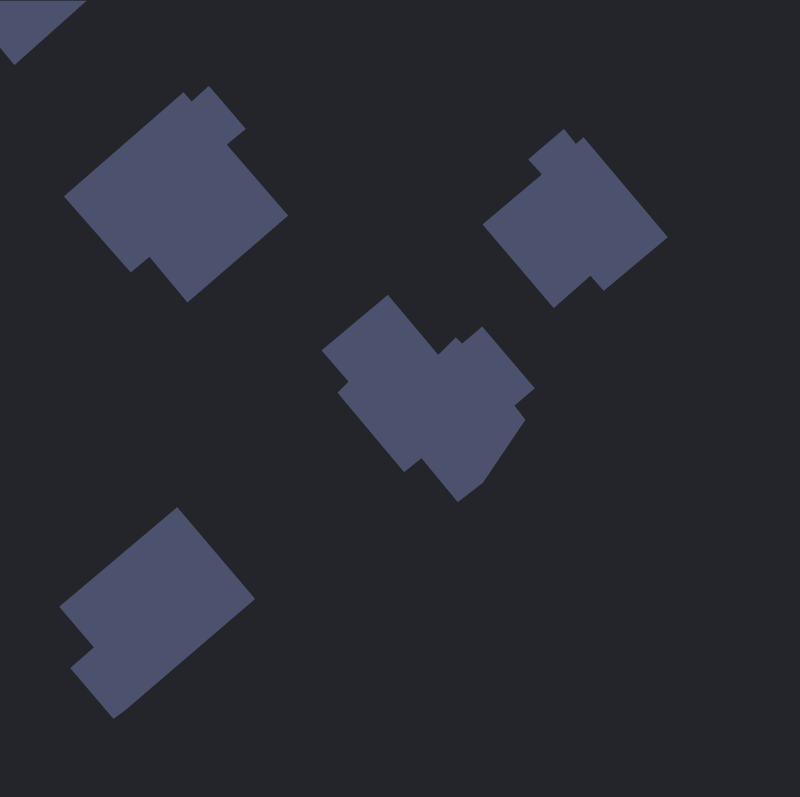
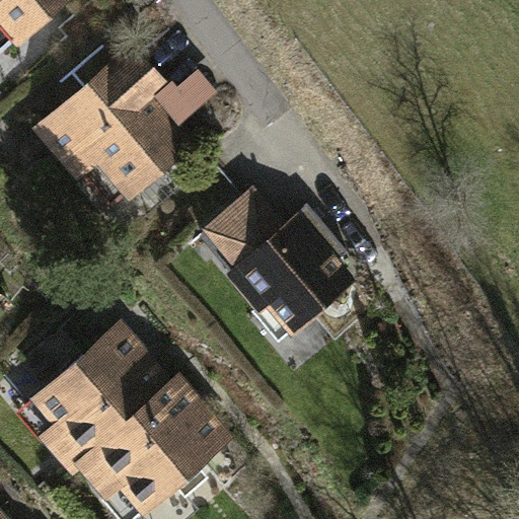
building: [482,128,669,309] -> none
building: none -> [81,383,224,510]

